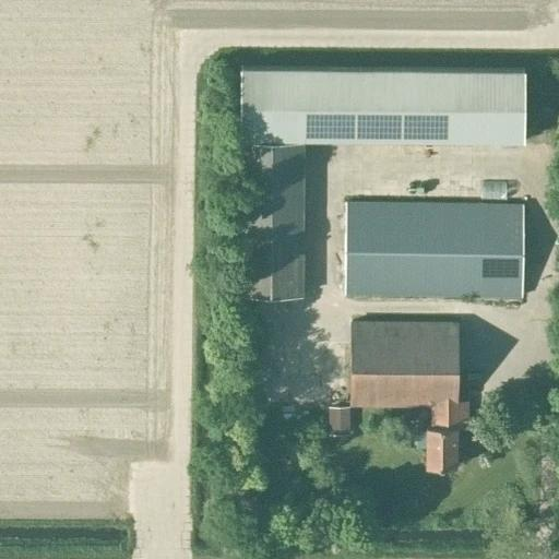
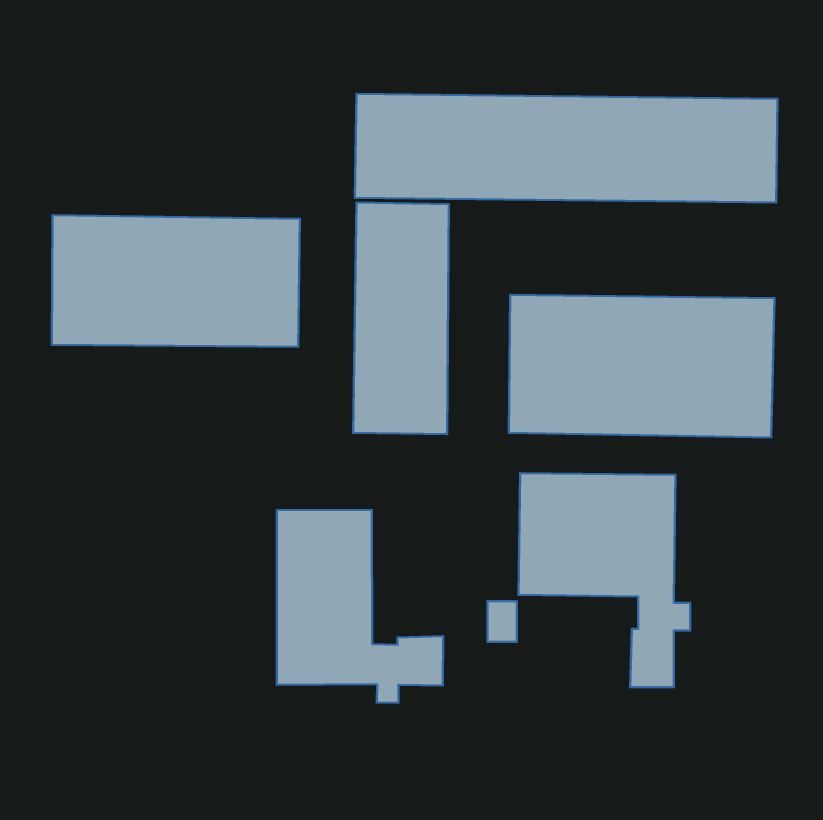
building: none -> [52,215,300,347]
building: none -> [277,510,443,703]

